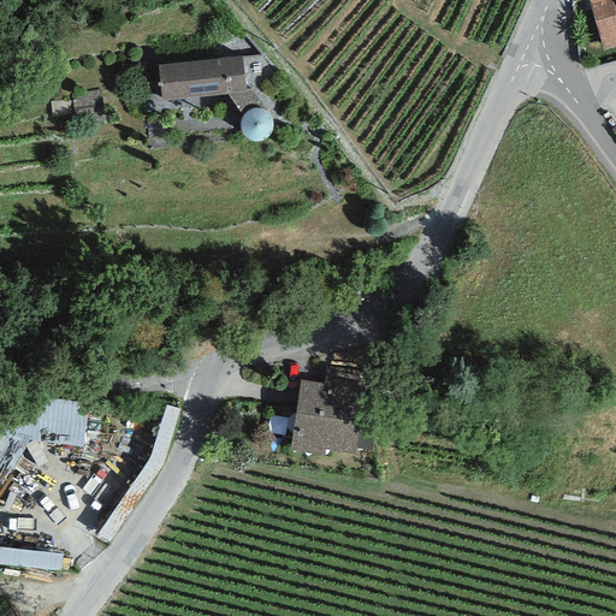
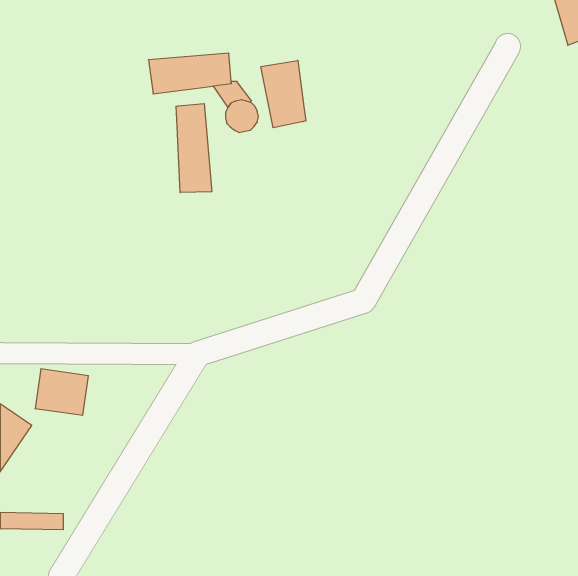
building: none -> [261,60,306,128]
building: none -> [176,104,212,193]
building: [292,365,363,455] -> none

